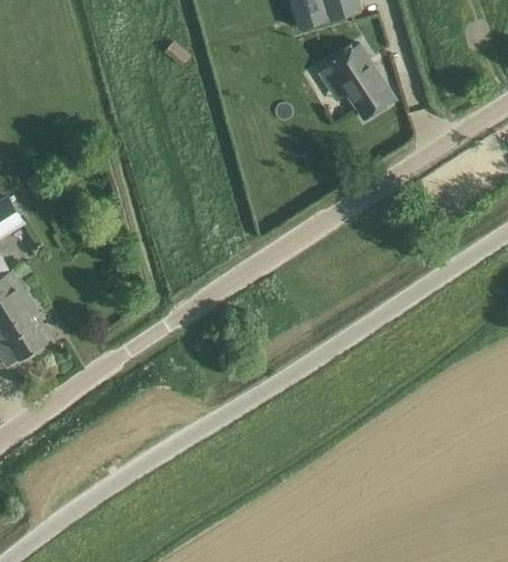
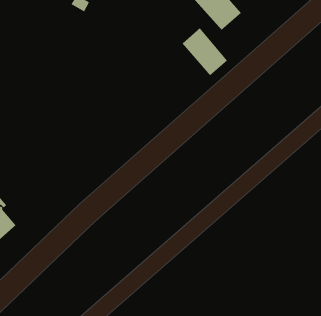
building: none -> [182,28,228,76]

